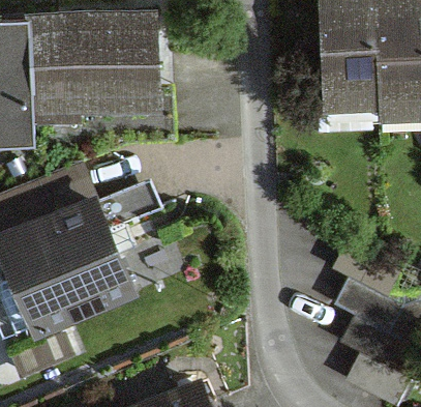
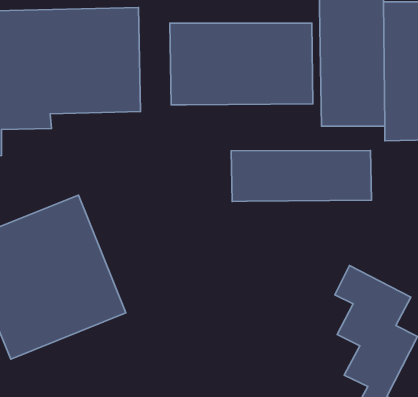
building: none -> [170,23,313,105]
building: none -> [231,151,371,201]

